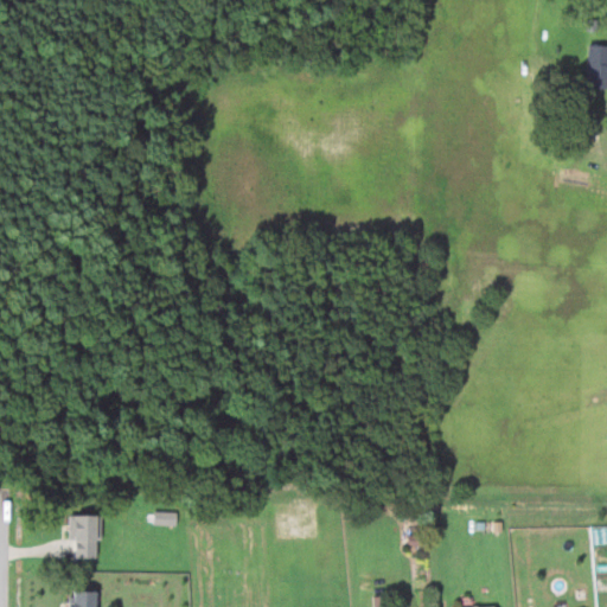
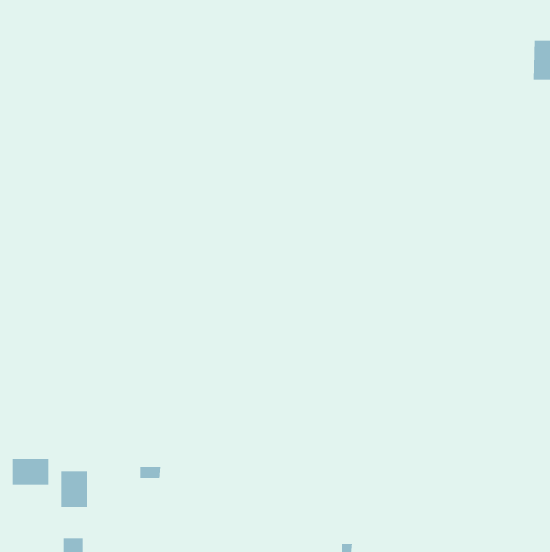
building: none -> [12,458,49,486]

